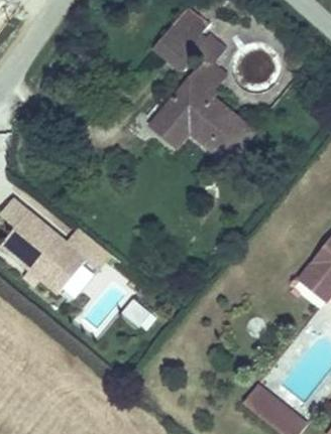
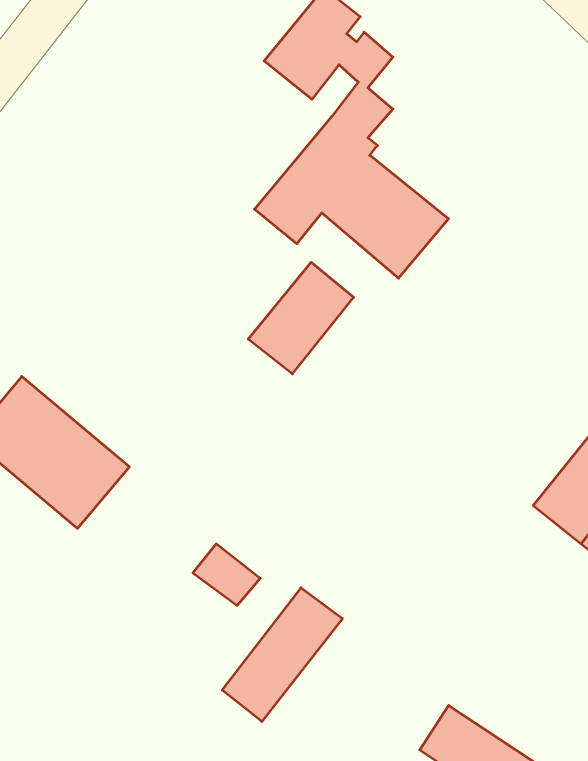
building: none -> [248,262,354,374]
building: none -> [222,588,342,722]

